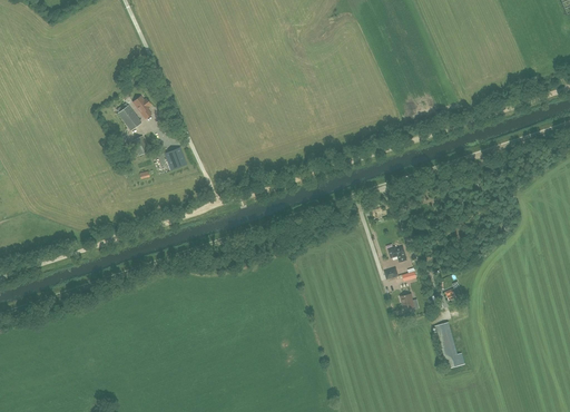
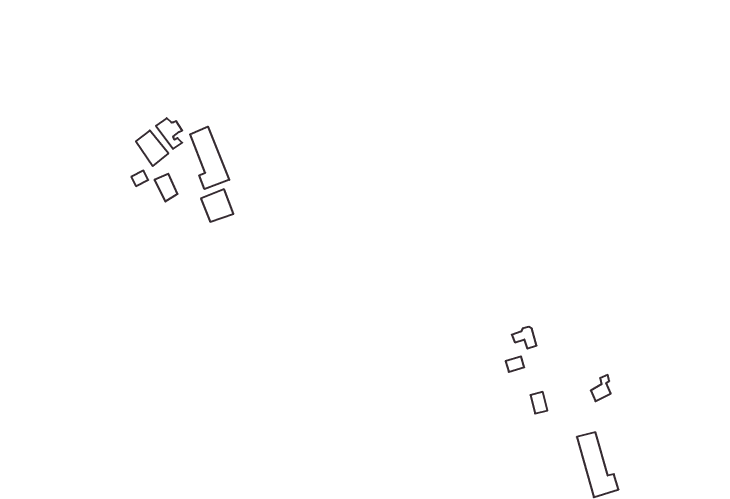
building: none -> [190,127,229,189]

